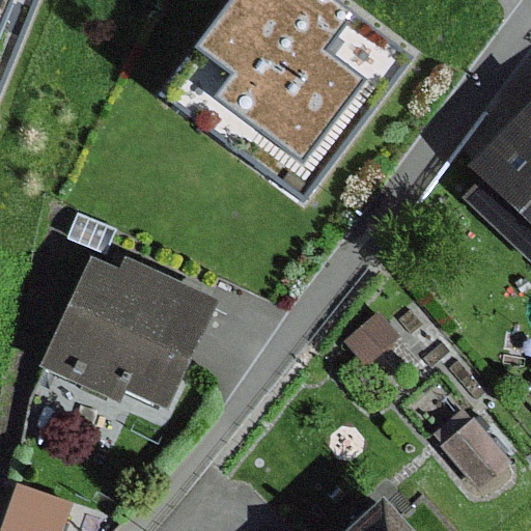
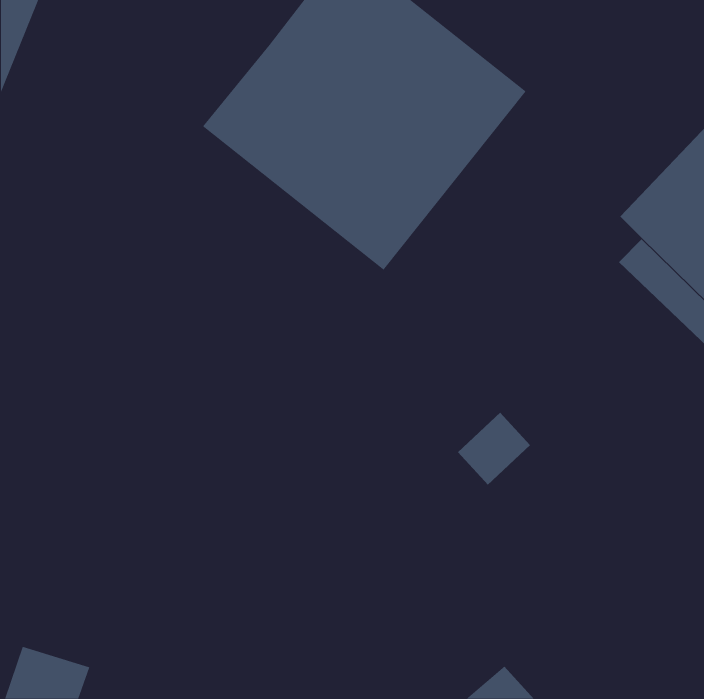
building: [37,256,217,408] -> none
building: [441,413,522,495] -> none

